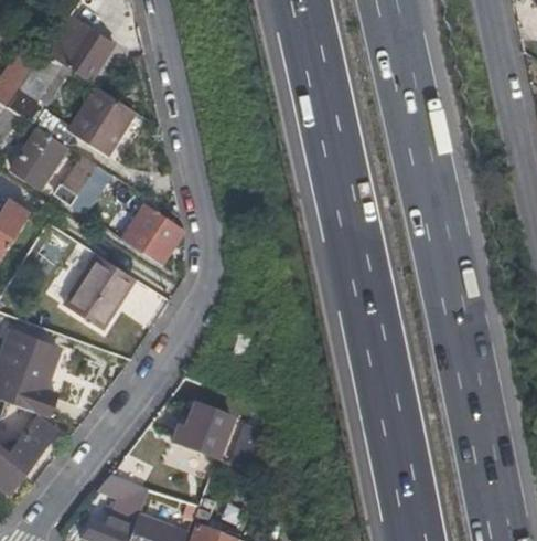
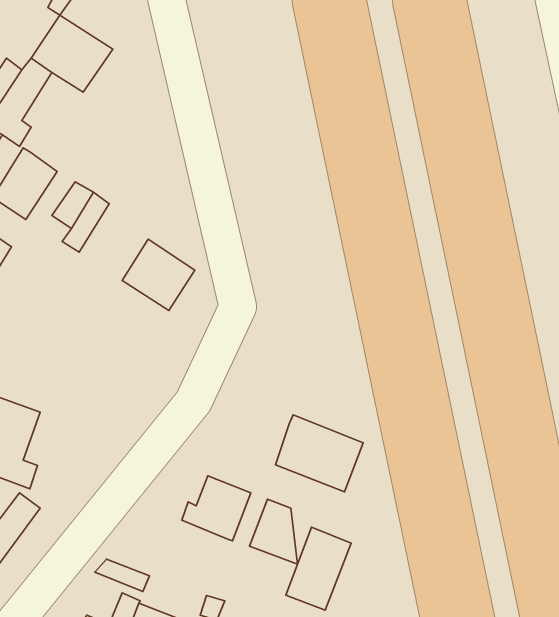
building: [66,83,133,151] -> none
building: [67,254,135,327] -> none
building: none -> [275,415,363,492]
building: none -> [286,527,351,610]

